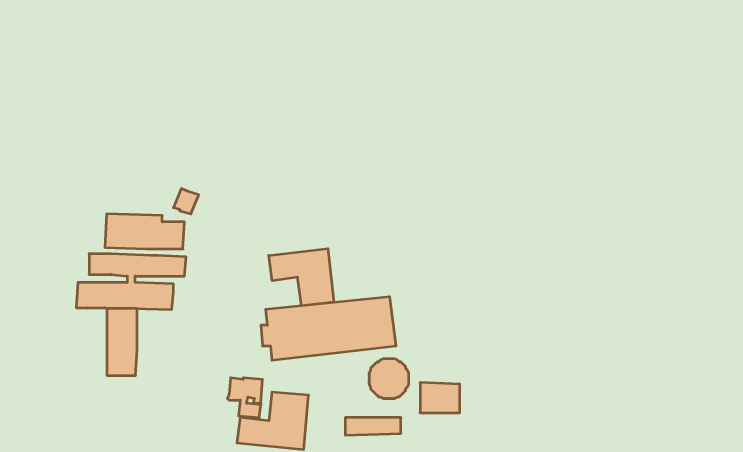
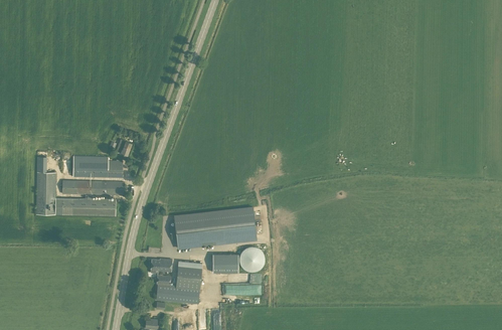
building: [269,249,334,306] -> none
building: [107,309,137,375] -> [36,172,55,214]
building: [420,383,460,413] -> [213,253,238,272]

